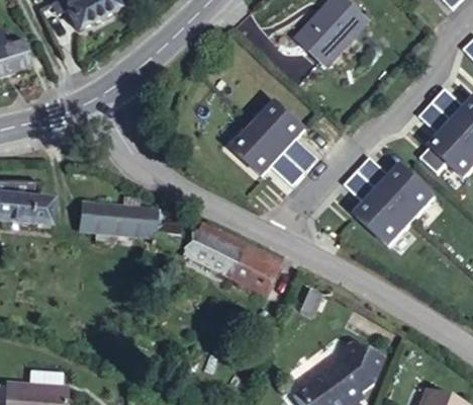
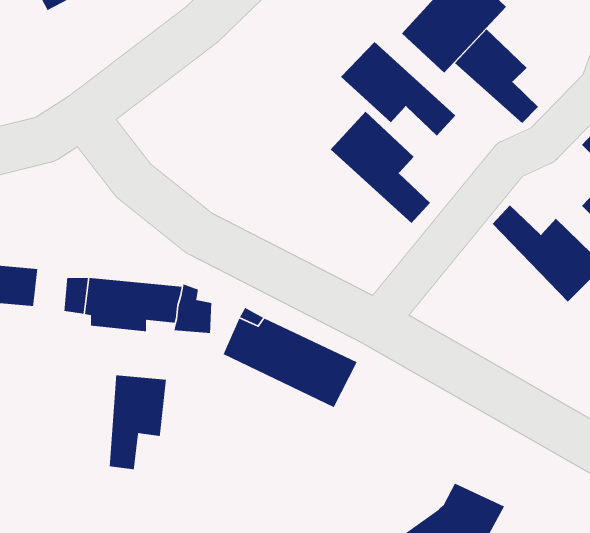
building: none -> [454,28,539,124]
building: [235,116,314,181] -> [340,41,456,136]
building: [354,167,420,245] -> none
building: none -> [109,374,167,470]

